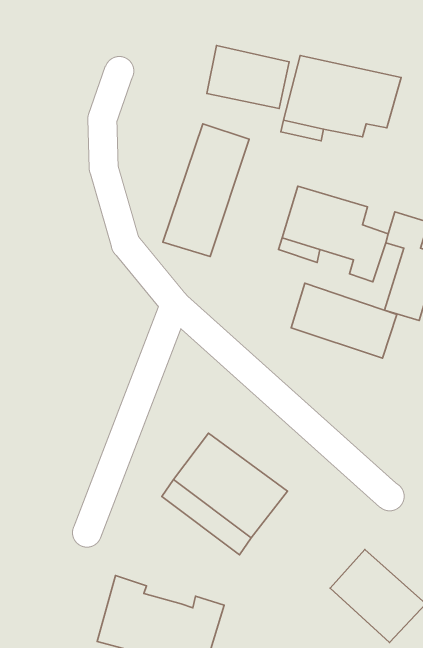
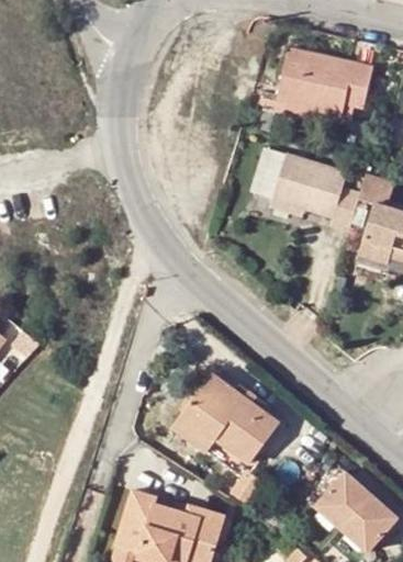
building: [207,46,289,109] -> none
building: [163,124,249,256] -> none
building: [291,283,397,358] -> none

